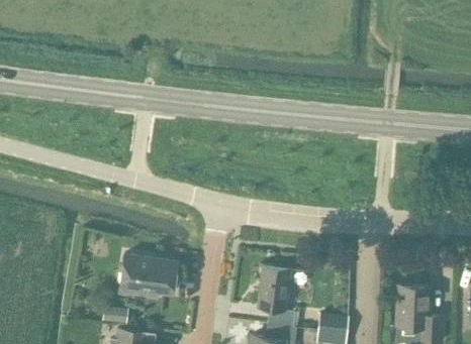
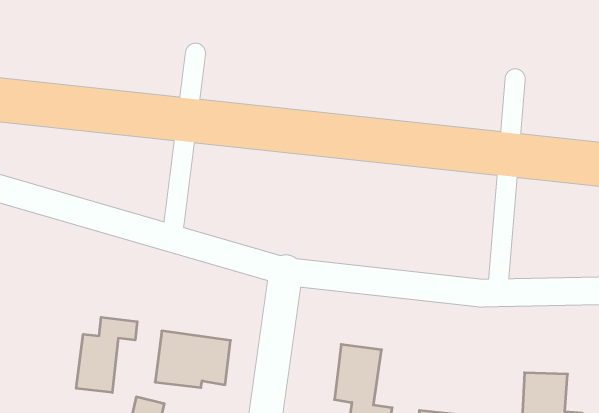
building: none -> [76,317,137,393]

